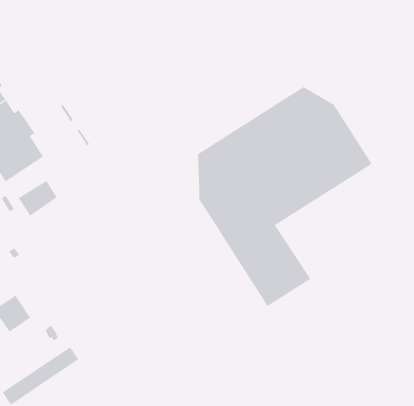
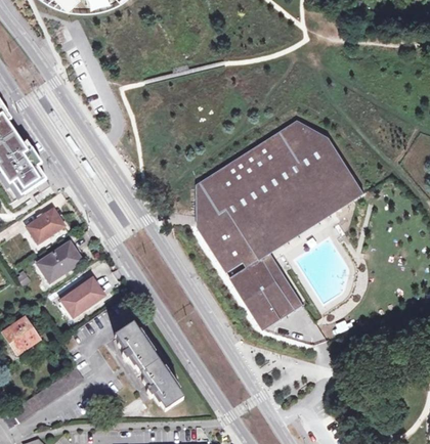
building: none -> [36,240,83,281]
building: none -> [60,278,103,317]
building: none -> [115,324,182,410]

